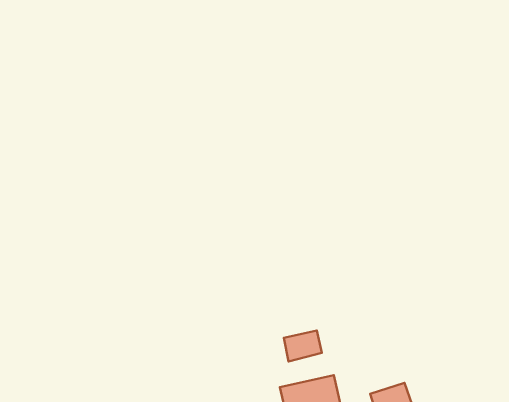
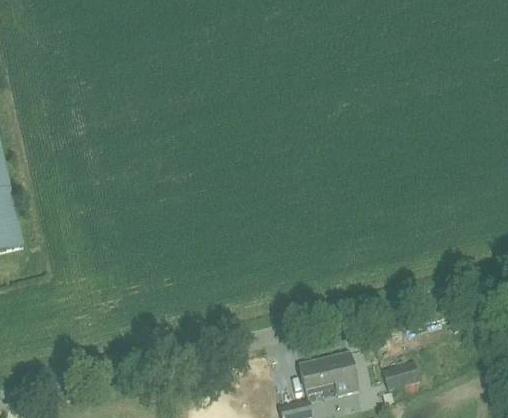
building: [284,331,322,362] -> none

